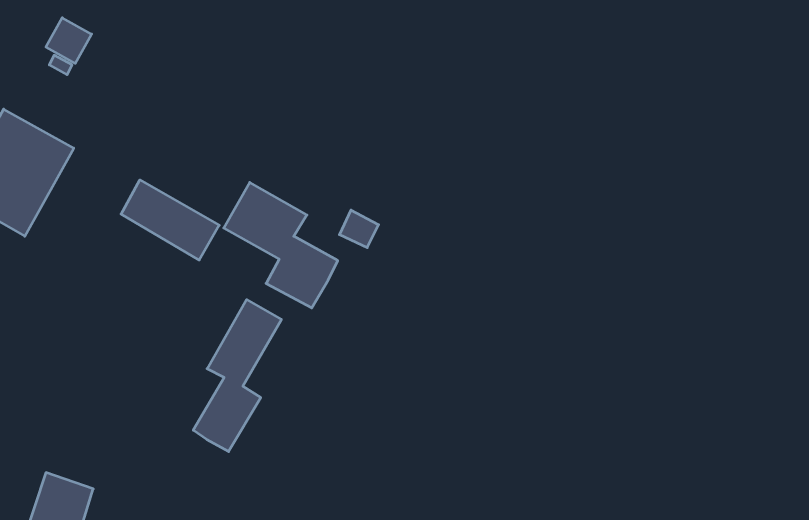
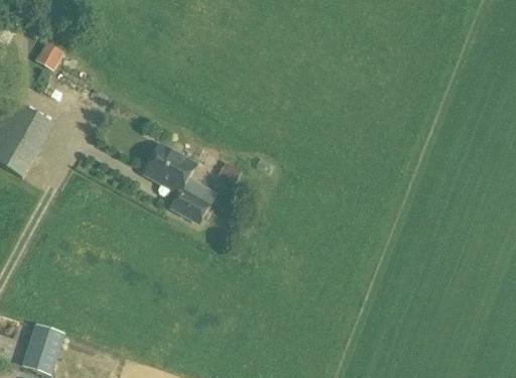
building: [121,180,219,260] -> none
building: [193,300,281,452] -> none

